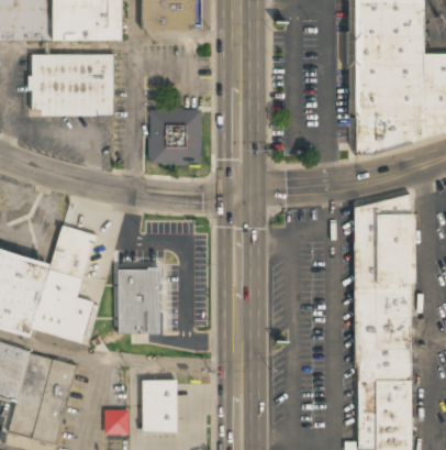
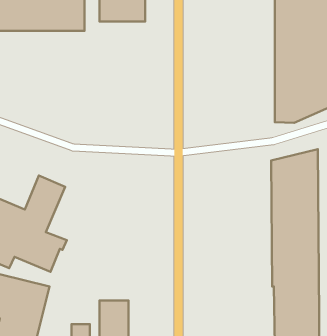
building: [30,54,112,116] -> none
building: [149,107,200,162] -> none
building: [118,267,159,333] -> none

